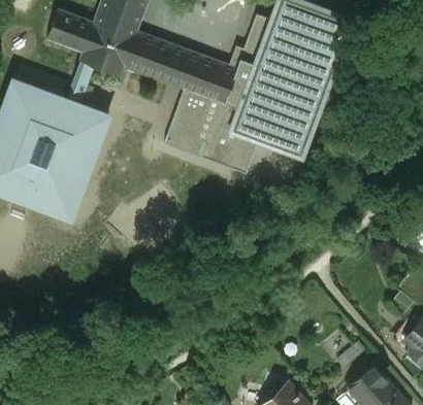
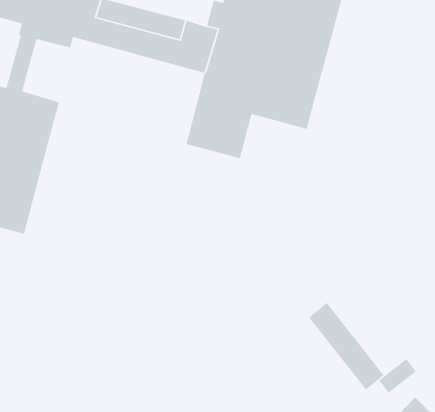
building: [164,89,224,158] -> none
building: none -> [308,302,384,391]

